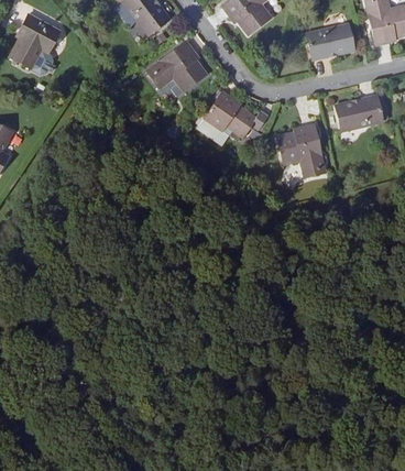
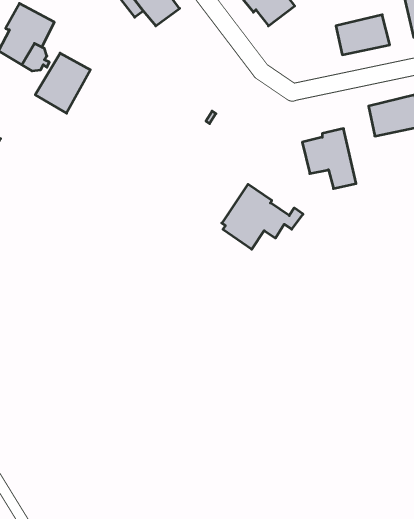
building: [147,41,207,90] -> none
building: none -> [35,53,90,113]
building: [196,89,267,146] -> [222,184,303,249]

